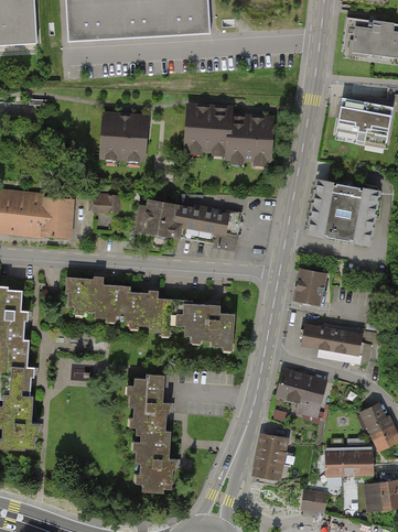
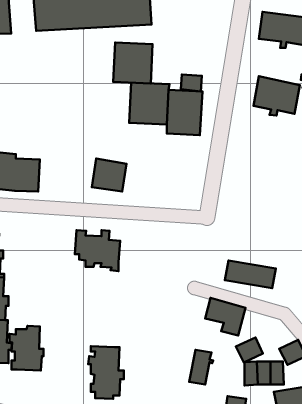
building: none -> [181,75,202,91]
building: [99,111,148,162] -> [113,42,153,83]
building: [305,178,380,246] -> none
building: [90,189,122,215] -> none
building: [174,204,241,248] -> none
building: [293,269,325,305] -> none
building: [65,272,118,324] -> none
building: [170,298,235,351] -> none
building: [127,374,169,430] -> [10,326,44,370]
building: [358,401,391,432] -> [236,338,263,363]

